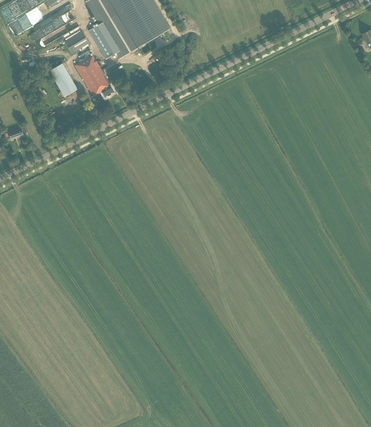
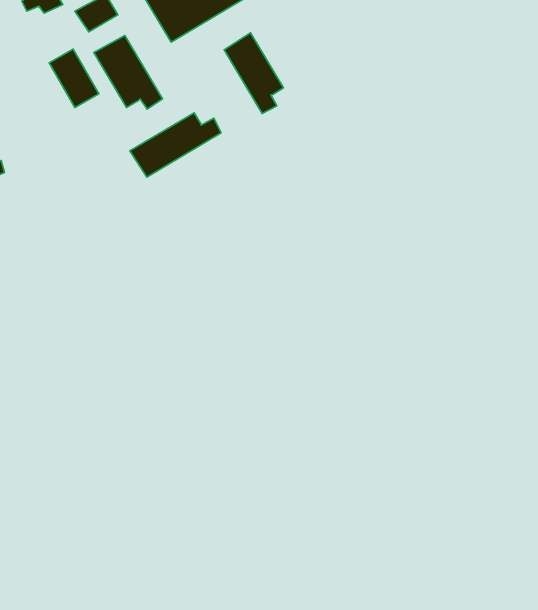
building: none -> [224,33,283,114]
building: none -> [130,113,221,177]

